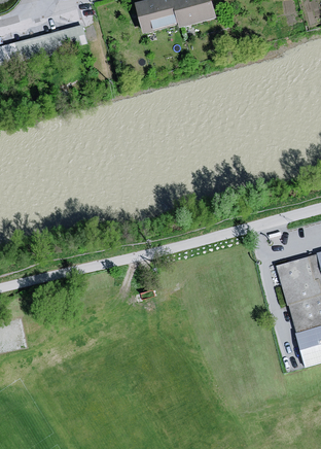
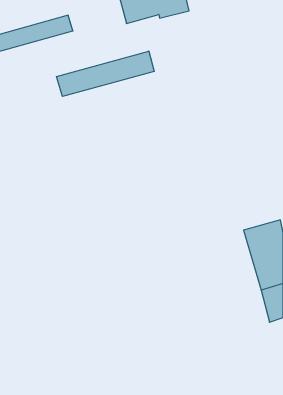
building: none -> [57,51,154,96]

